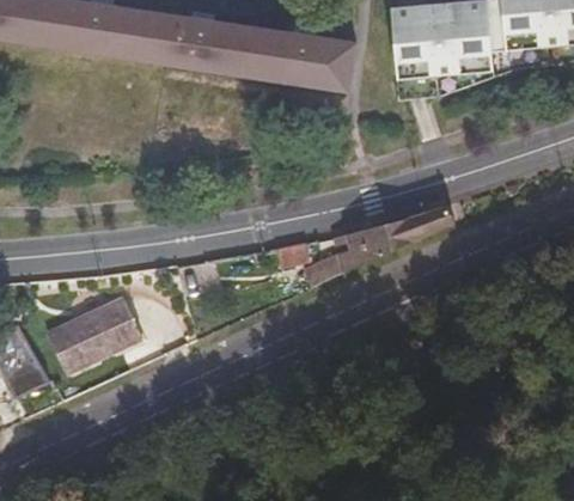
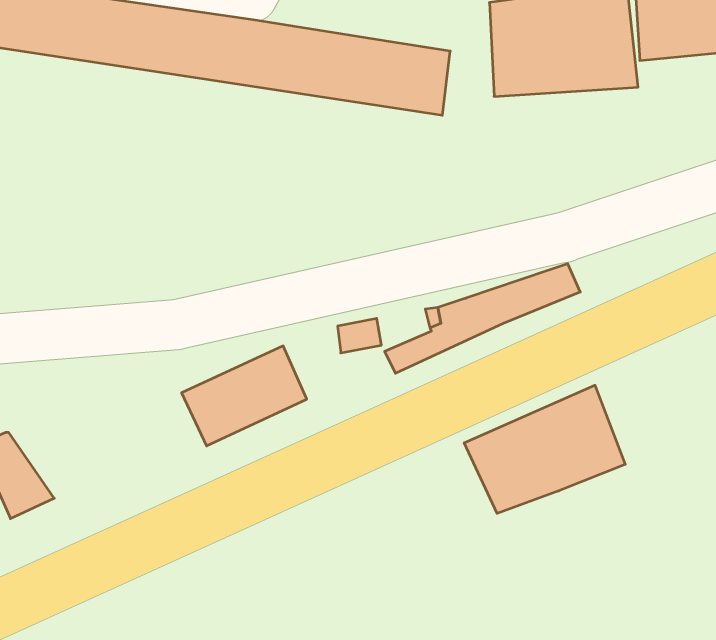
building: none -> [464,385,625,513]
building: [49,300,145,377] -> [182,346,307,446]

